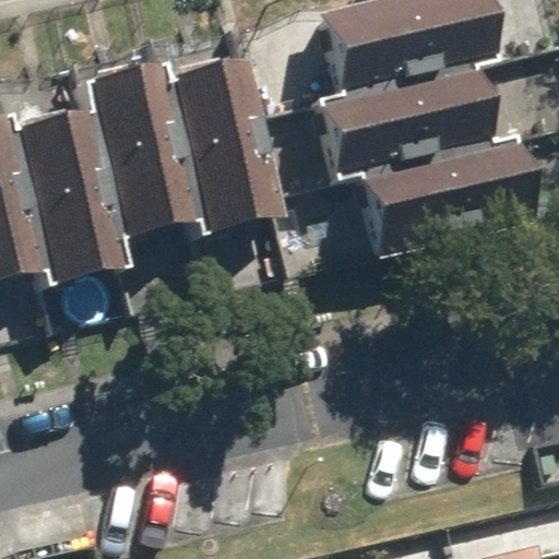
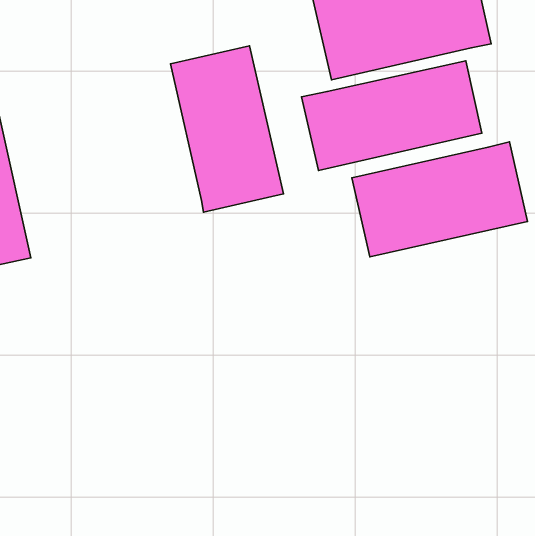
building: [86,60,201,239] -> none
building: [4,105,120,283] -> none

